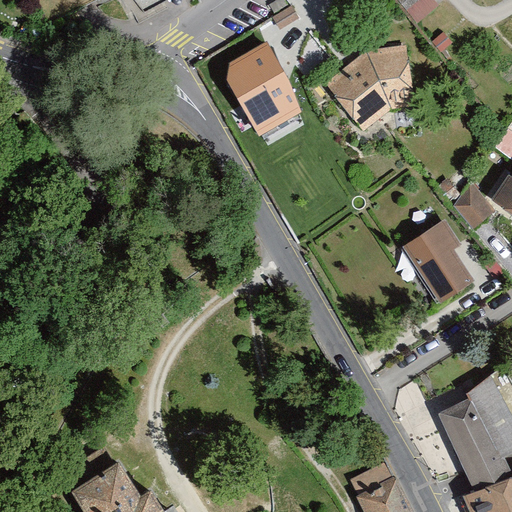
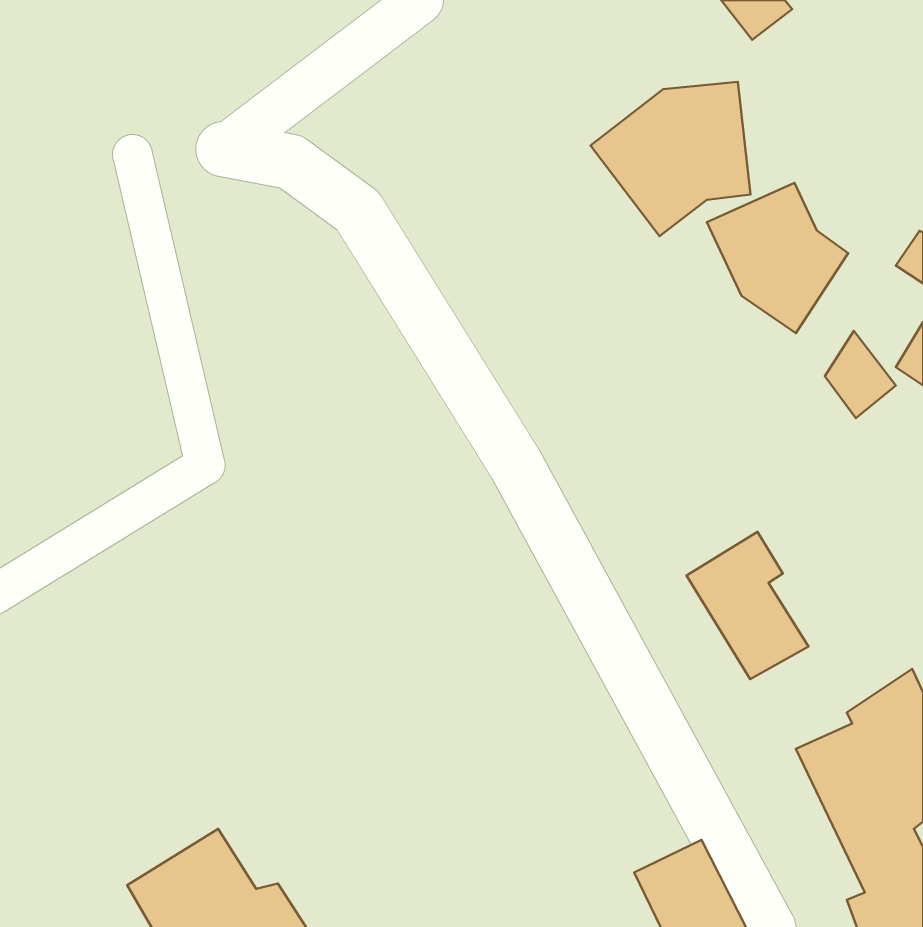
building: [224,45,301,139] -> none
building: none -> [707,183,848,333]
building: [406,221,473,302] -> [687,532,808,679]

